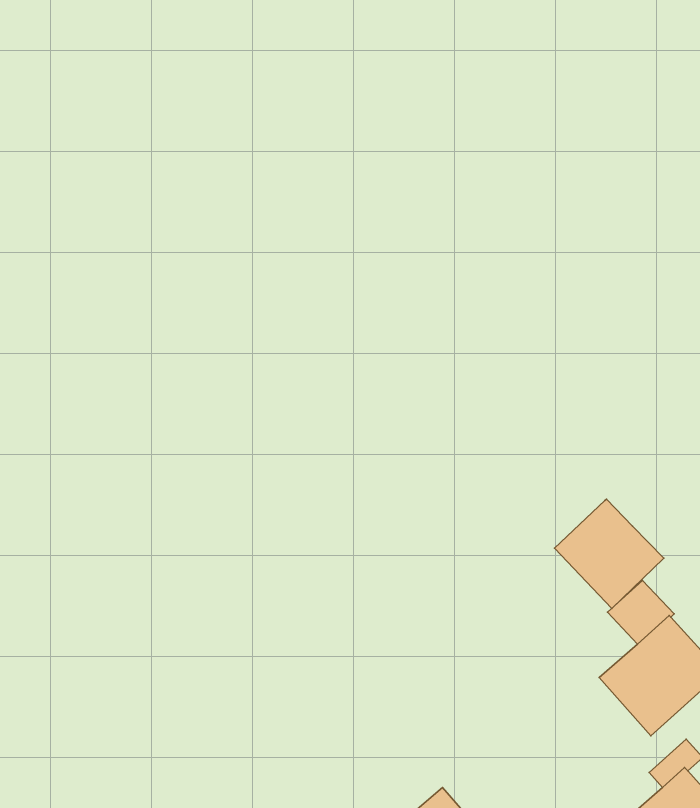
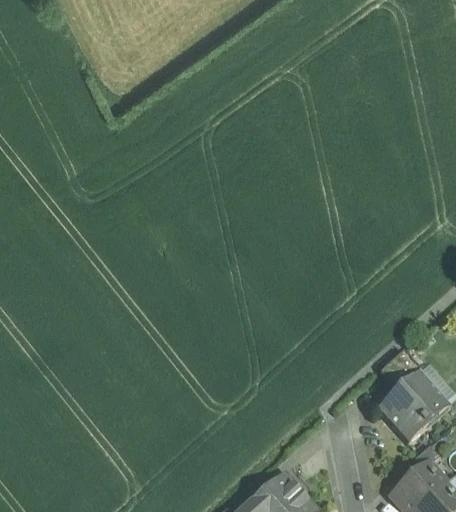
building: [555,499,664,608] -> none

